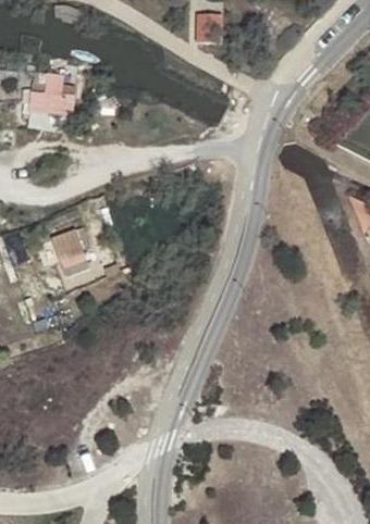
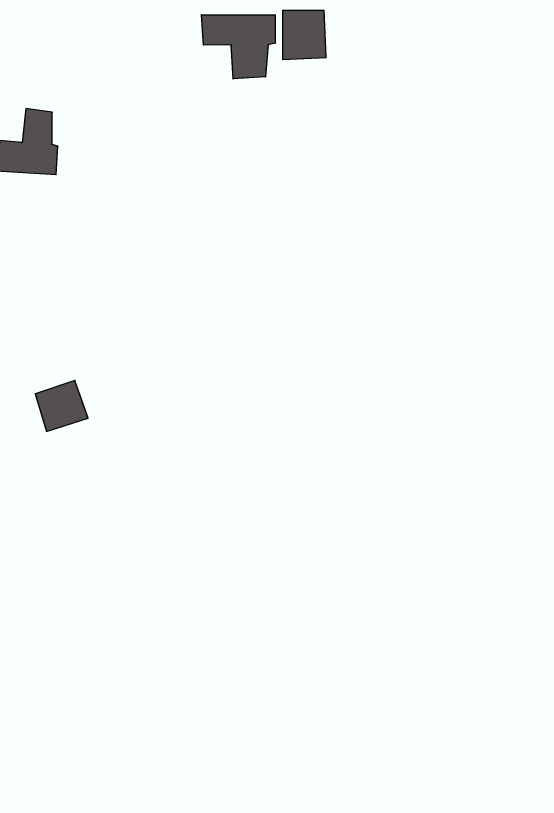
building: none -> [201,15,275,79]

